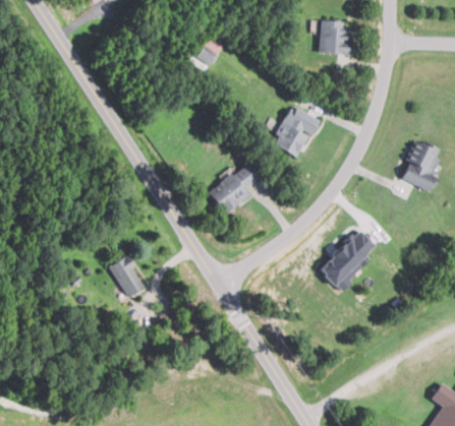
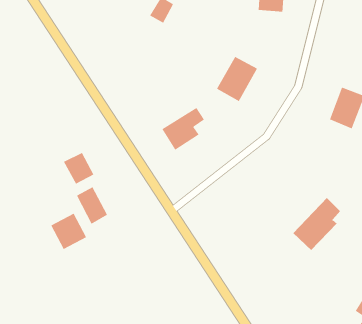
building: none -> [63,152,94,185]
building: [319,228,375,290] -> [292,197,341,251]
building: none -> [50,213,87,250]

